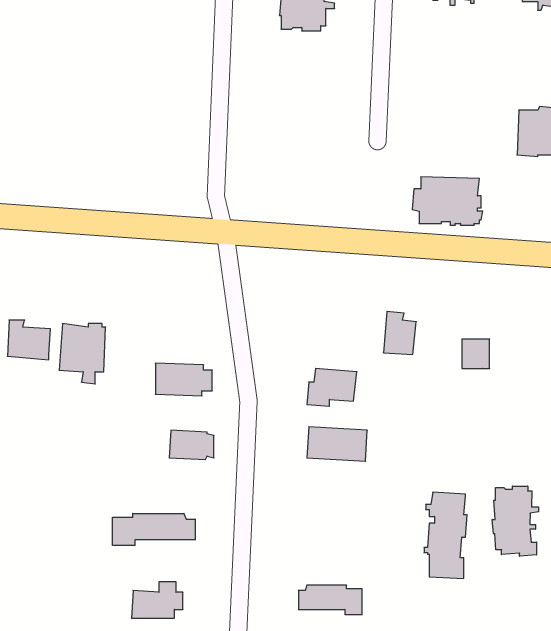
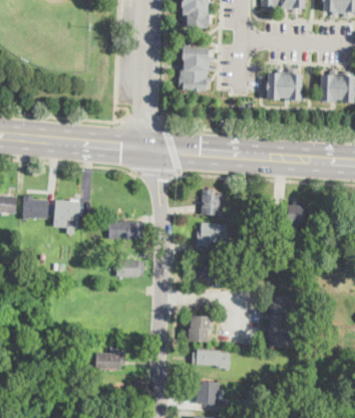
building: none -> [179,42,214,90]
building: [412,177,483,225] -> [263,71,304,99]
building: [383,311,416,354] -> [202,190,221,215]
building: [492,486,539,556] -> none
building: [113,513,195,545] -> none
building: none -> [188,316,211,342]

